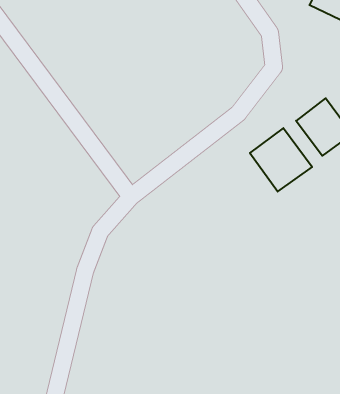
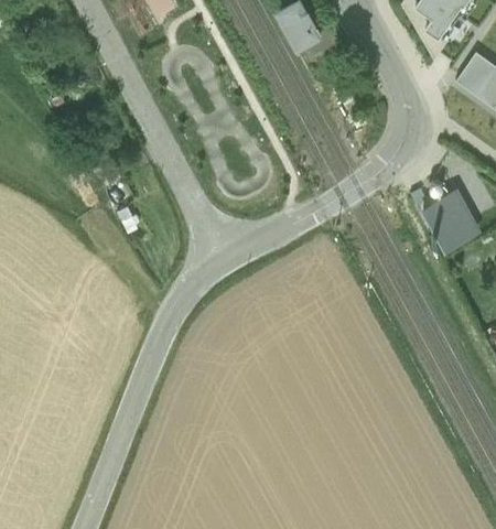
building: [250,128,312,192] -> none

